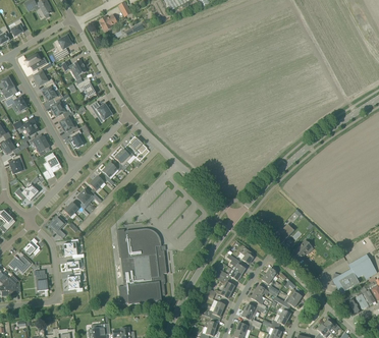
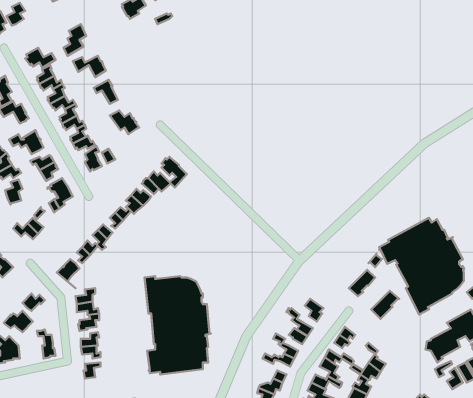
building: none -> [379,218,464,315]

